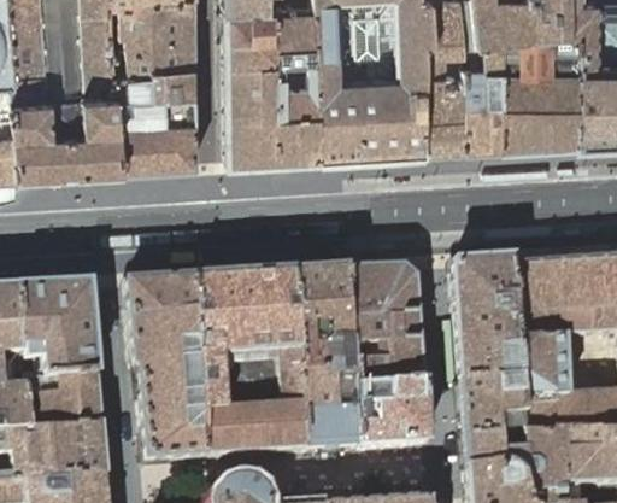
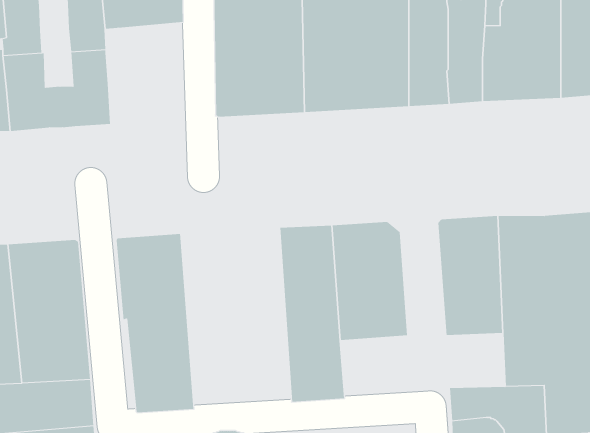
building: [117,63,199,166] -> none
building: [194,271,306,456] -> none
building: [463,379,523,434] -> none
building: [355,381,428,445] -> none

